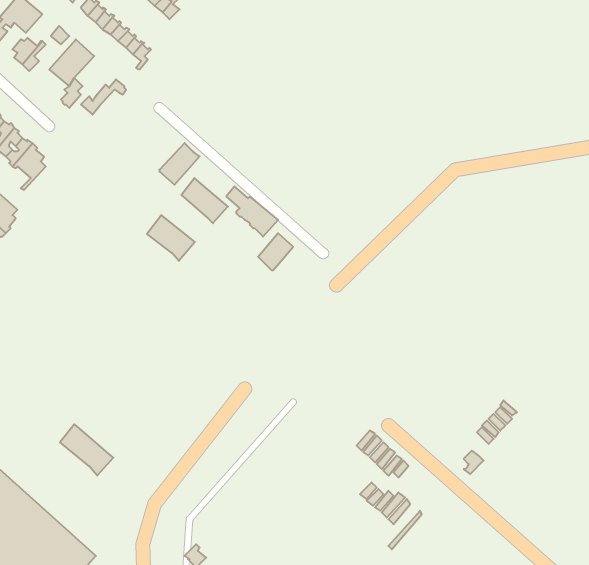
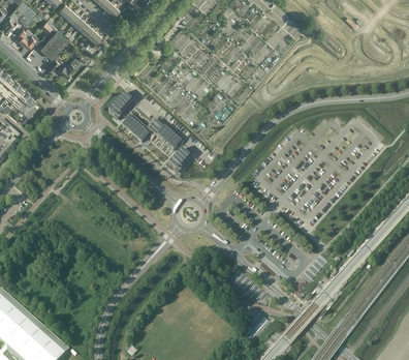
building: [147,215,195,261] -> none
building: [60,424,113,476] -> none

